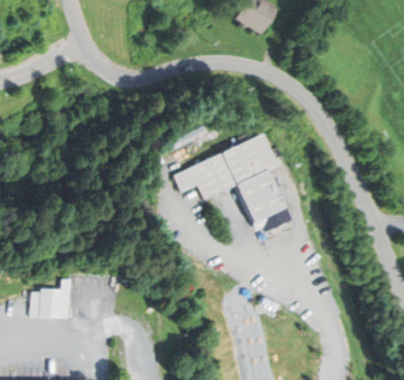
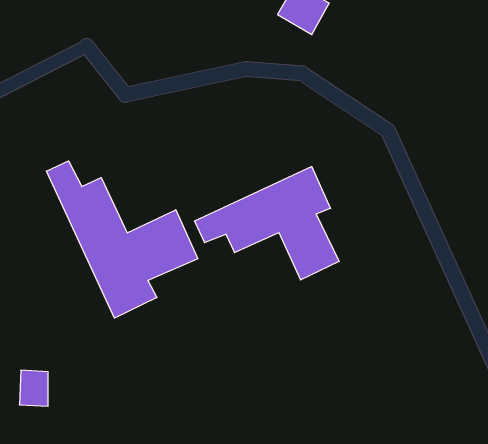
building: none -> [46,161,198,318]

